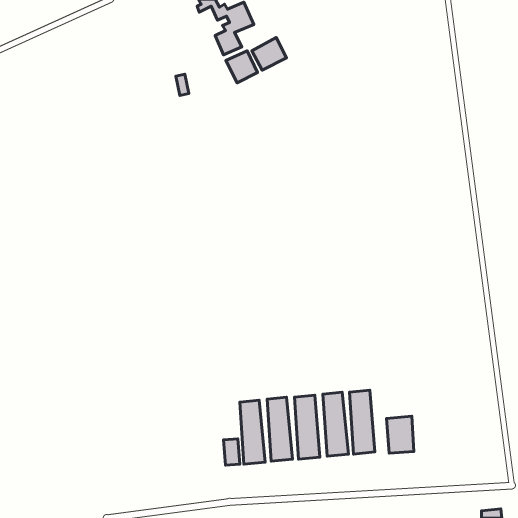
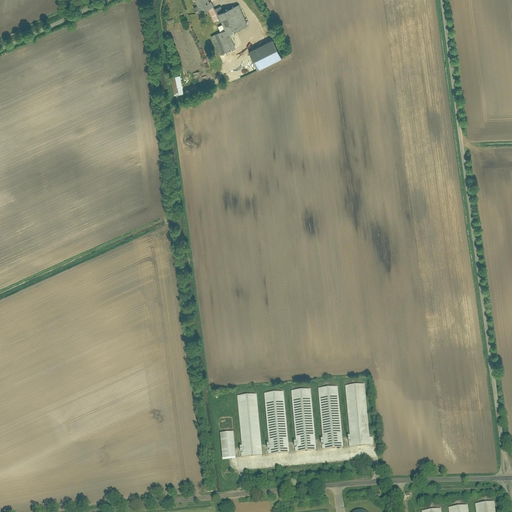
building: [226,51,257,83] -> none
building: [386,416,414,453] -> none

